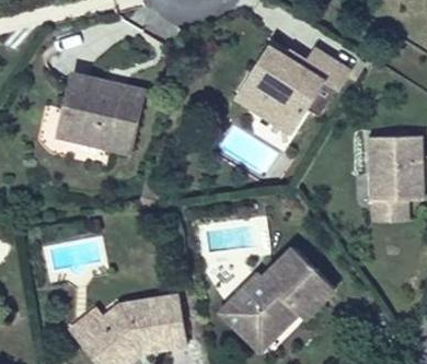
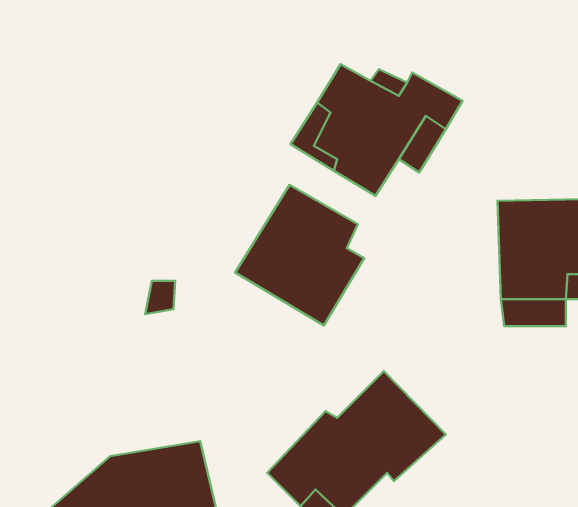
building: [57,70,141,148] -> none
building: none -> [235,185,364,325]

